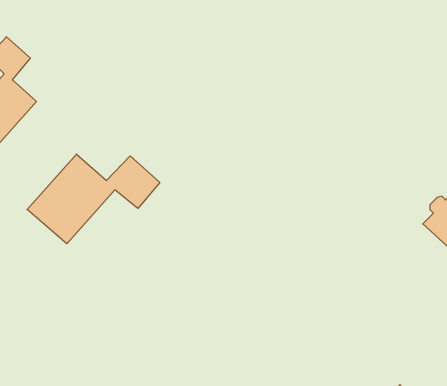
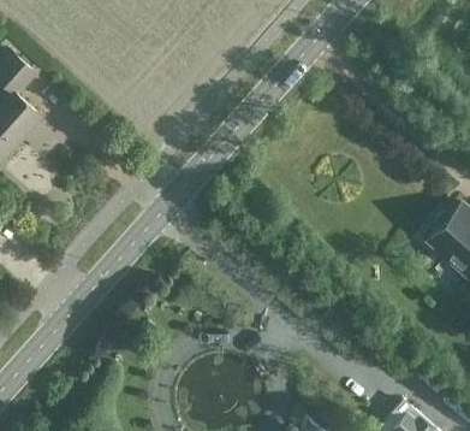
building: [27,154,160,244] -> none

